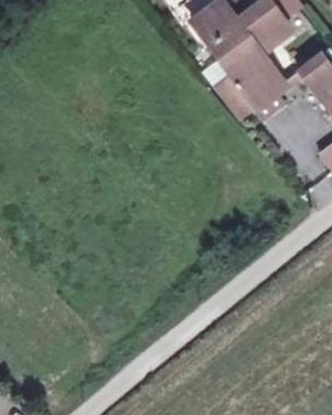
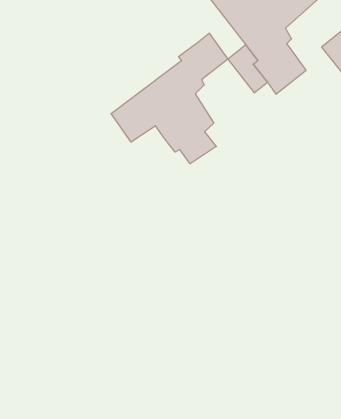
building: none -> [111,33,228,164]

